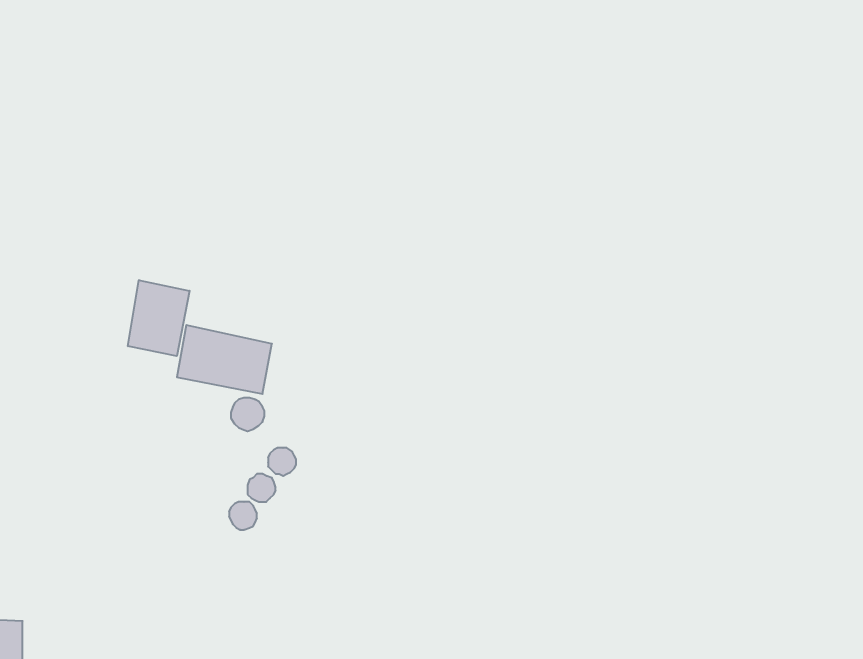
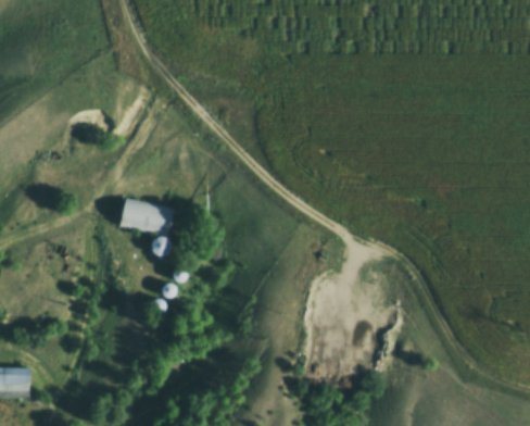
building: [128,280,190,356] -> none

